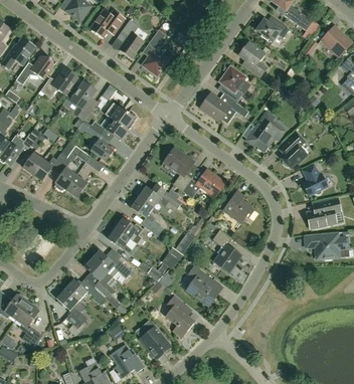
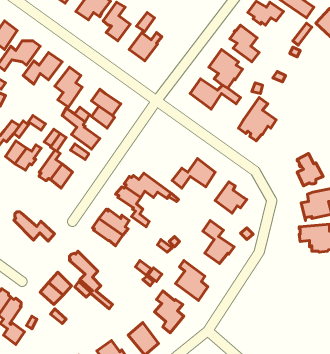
building: [279,132,307,167] -> none
building: [164,147,194,190] -> none
building: [93,249,132,277] -> [14,212,55,241]

